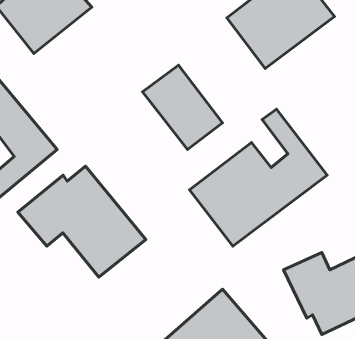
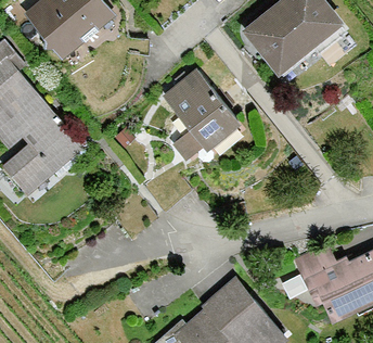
building: [189,109,327,246] -> none
building: [18,166,146,277] -> none

